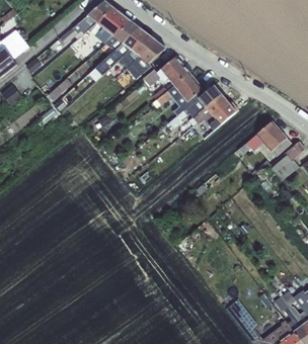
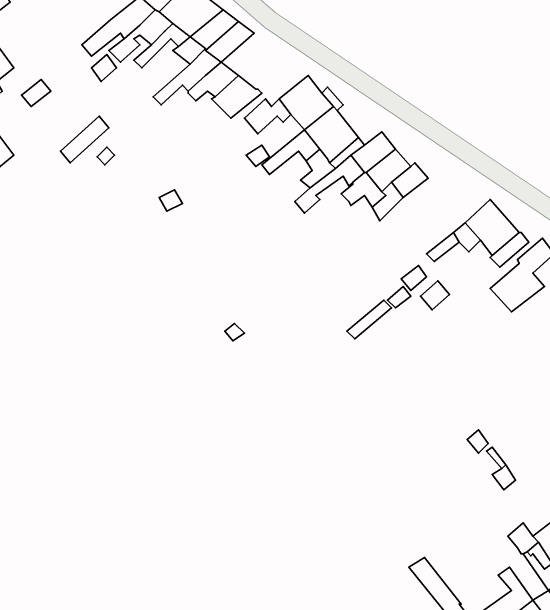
building: [132,33,167,63] -> none

